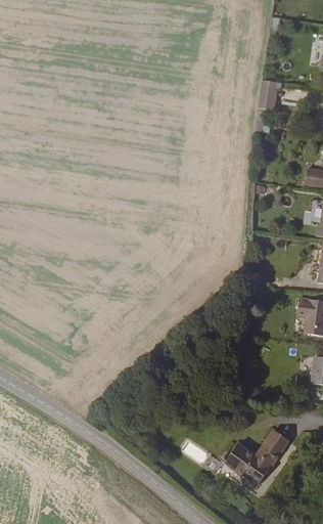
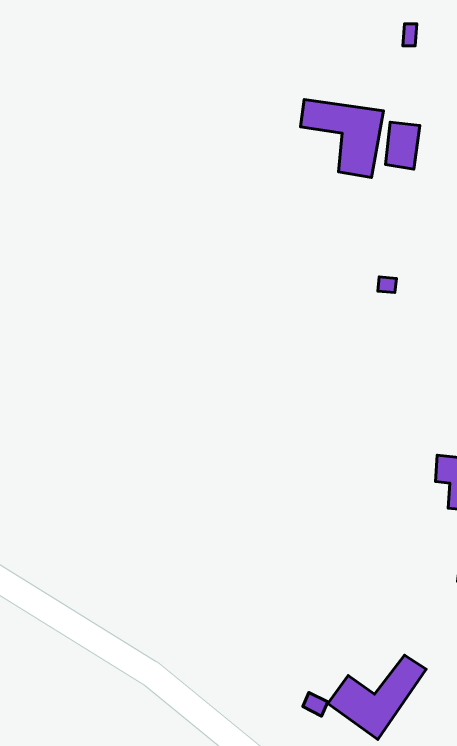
building: none -> [300,100,383,178]

